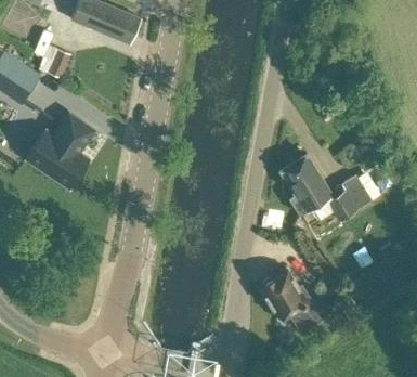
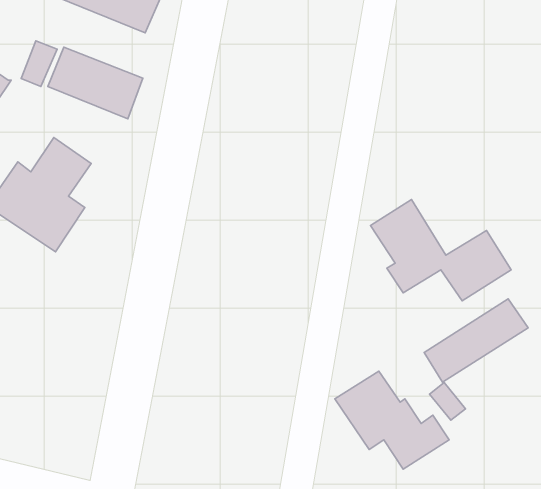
building: none -> [48,47,143,119]
building: none -> [424,299,528,382]

